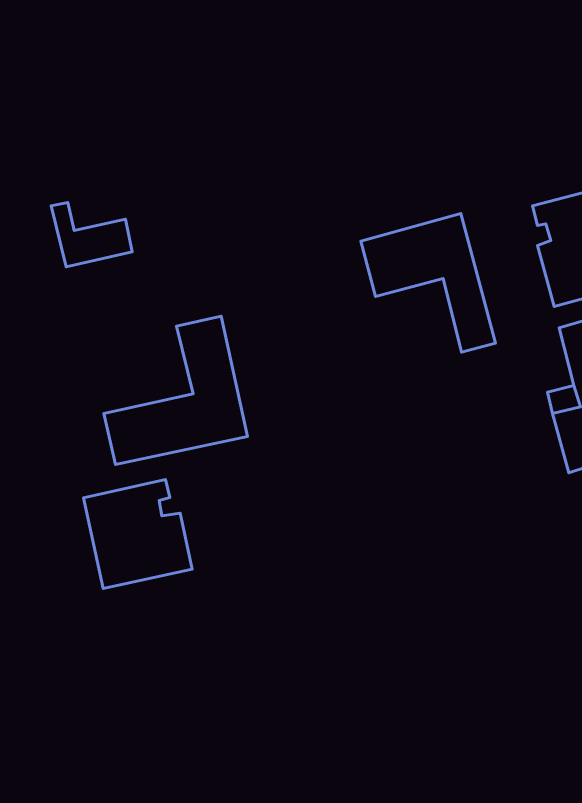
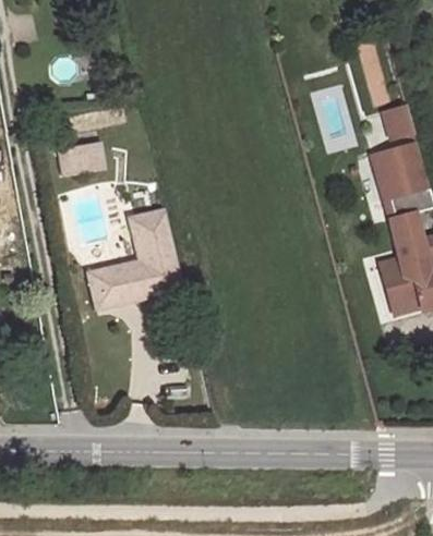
building: [361,214,495,352] -> none
building: [83,480,192,588] -> none

